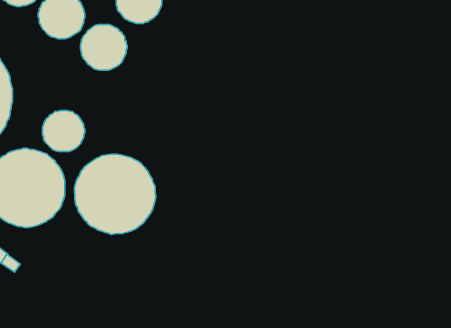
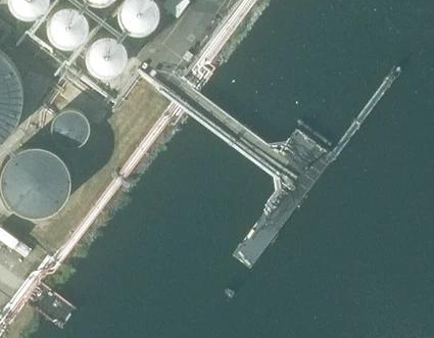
building: [74,154,156,234] -> none

